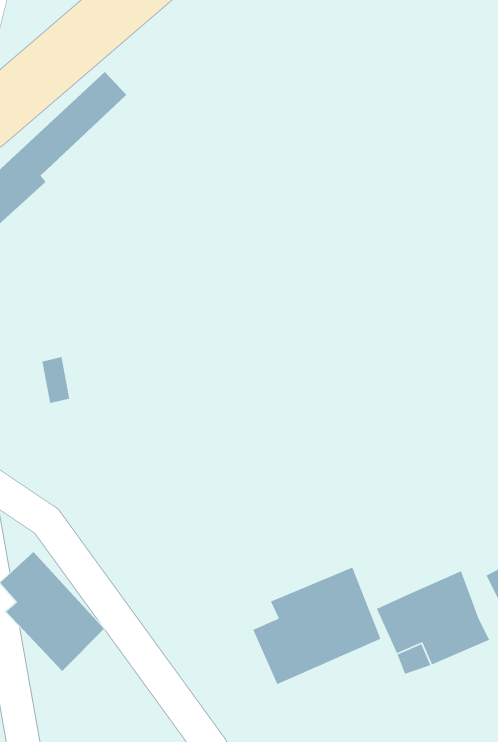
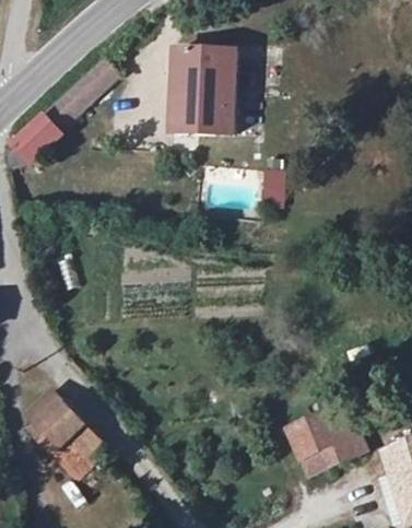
building: none -> [173,47,235,133]
building: [252,566,382,685] -> none

